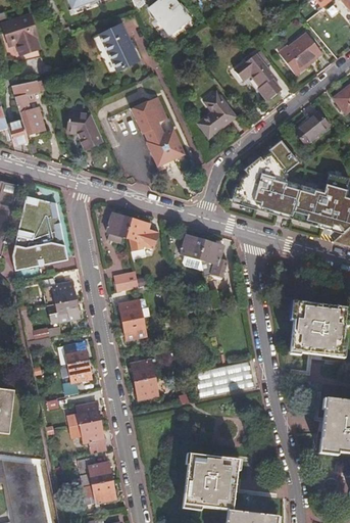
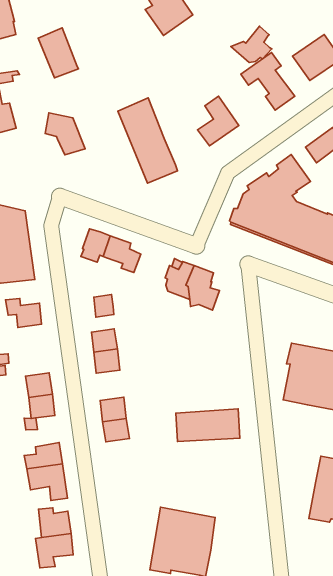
building: [100,23,137,67] -> [38,28,78,78]
building: none -> [231,26,272,63]
building: [53,298,80,321] -> none

